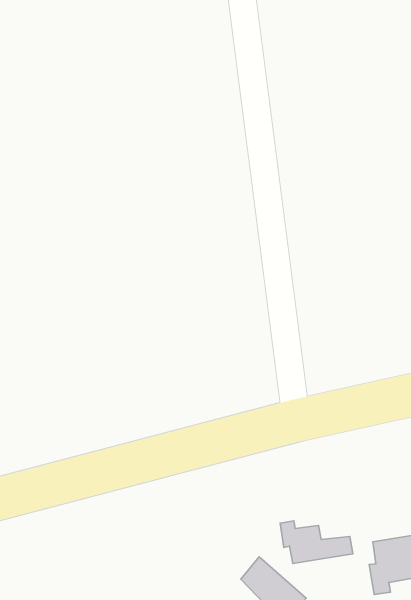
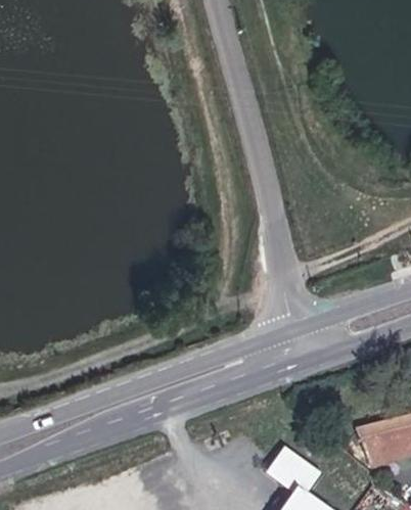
building: [280,521,353,564] -> none

